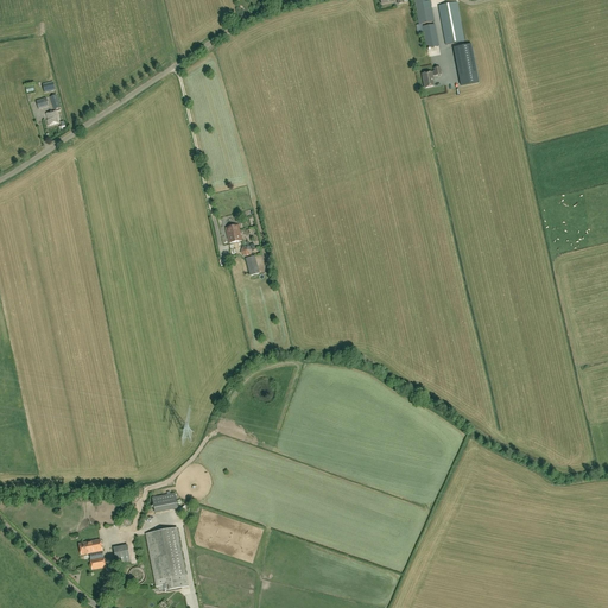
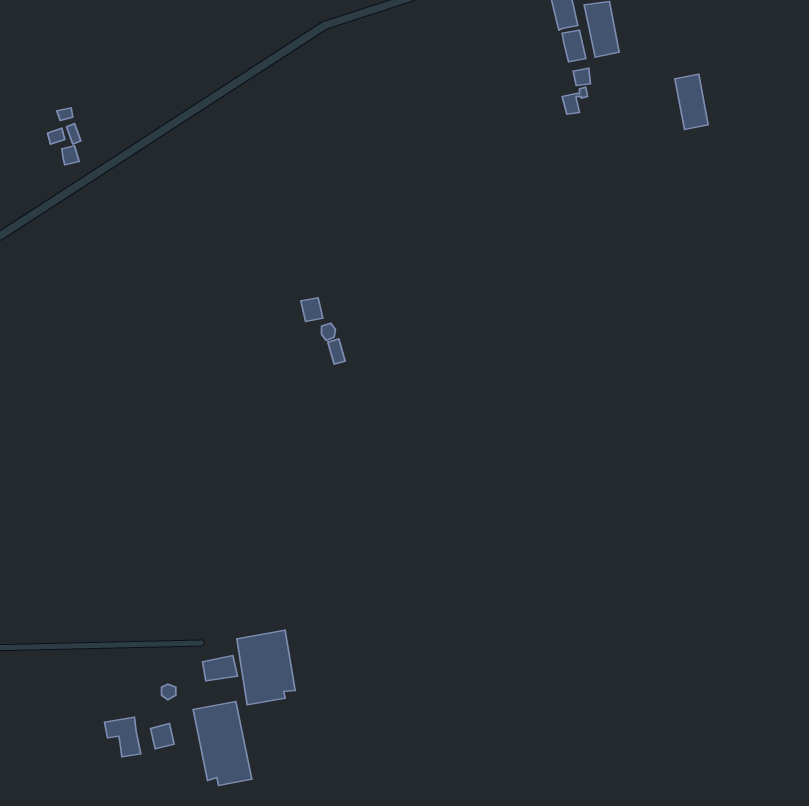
building: [454,43,479,84] -> [675,74,708,130]
building: none -> [237,630,295,705]

